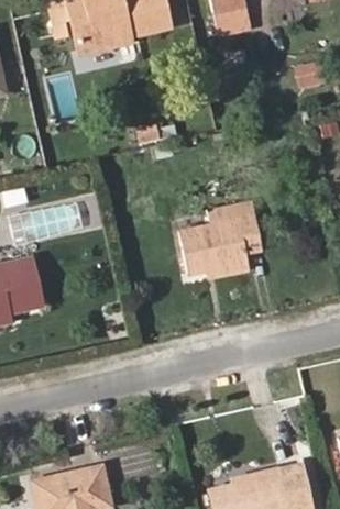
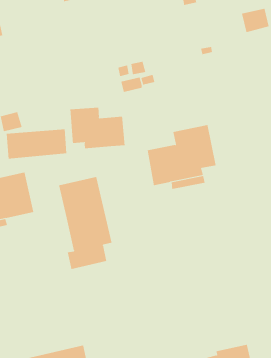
building: none -> [70,107,125,149]
building: none -> [58,176,112,270]

